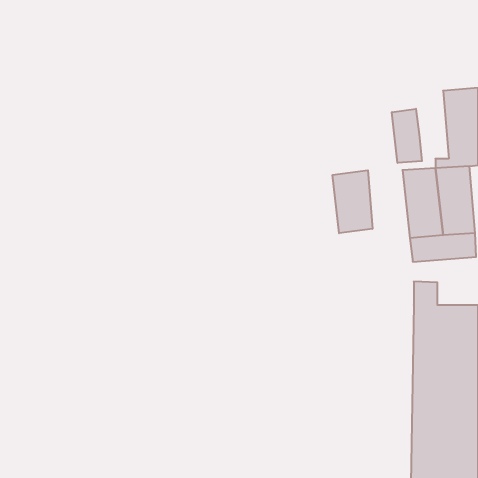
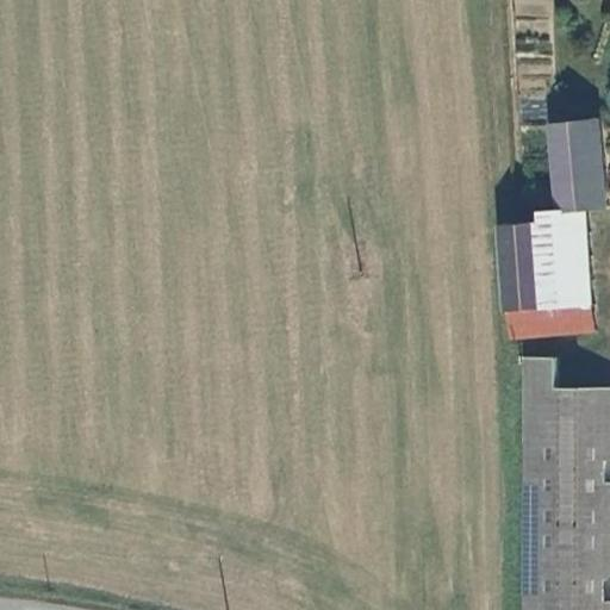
building: [392,109,422,163] -> none
building: [333,170,372,233] -> none

